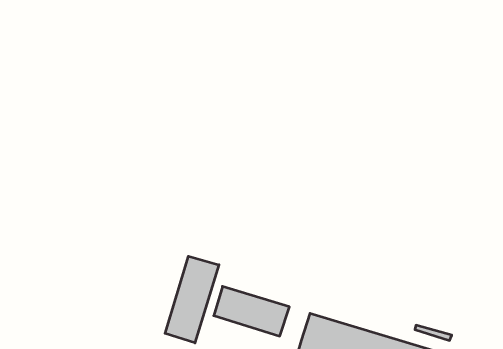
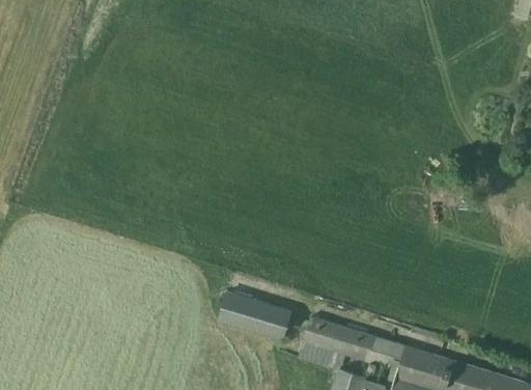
building: [165,256,219,343] -> none

